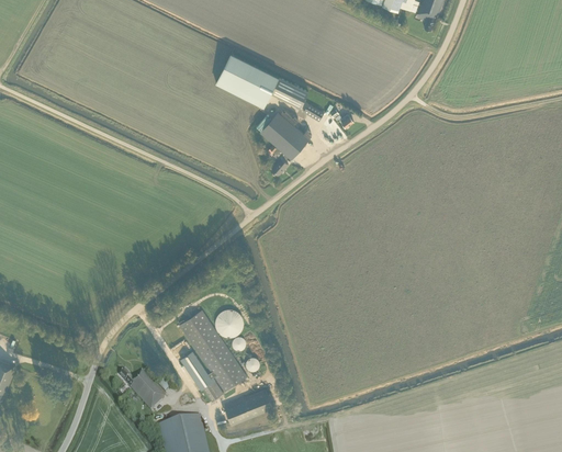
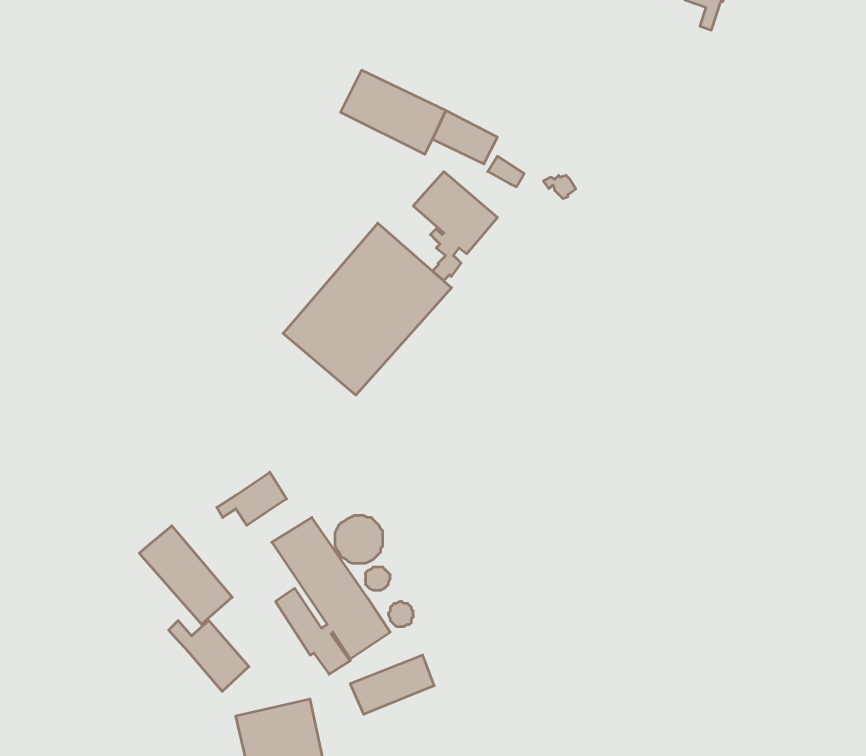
building: none -> [283,223,452,395]
building: none -> [217,472,287,525]
building: none -> [139,526,232,624]

